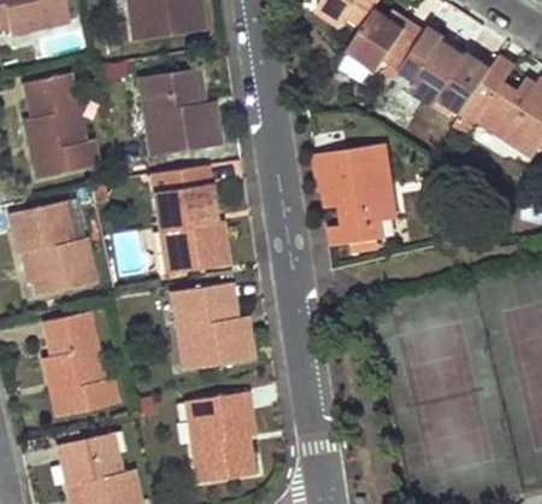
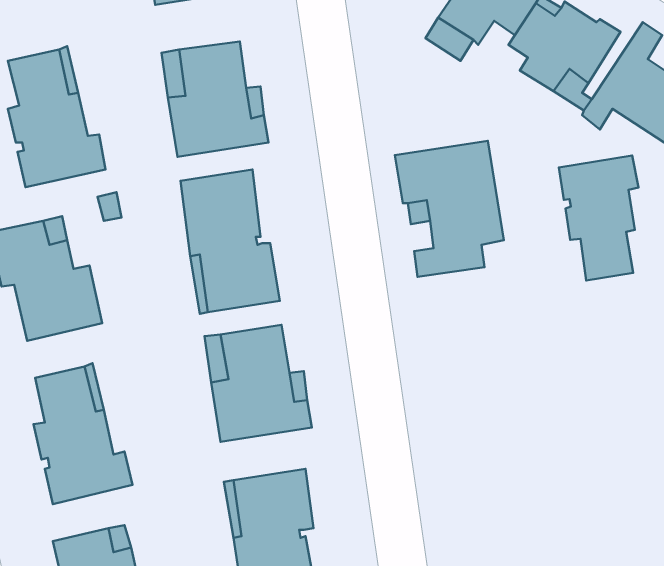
building: none -> [559,156,638,281]

